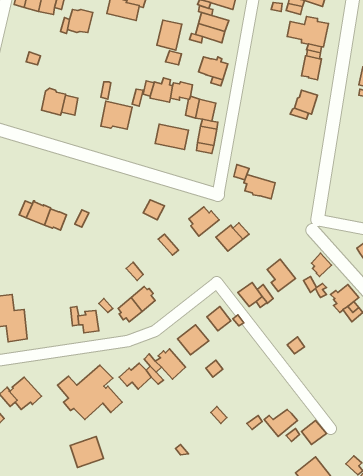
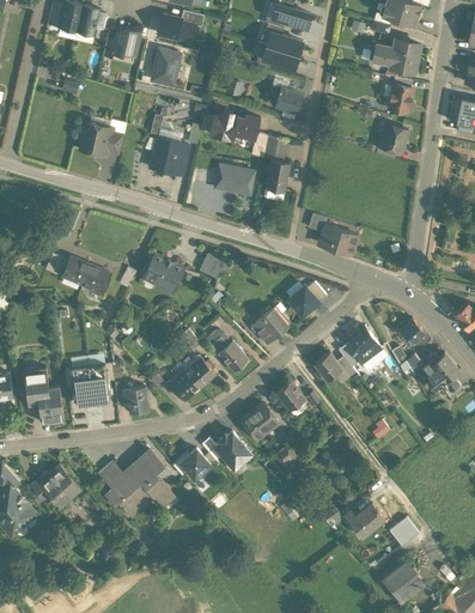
building: [157,20,182,50] -> [152,49,182,85]
building: none -> [144,255,183,286]
building: [189,207,219,236] -> [255,309,291,344]
building: none -> [211,336,248,371]
building: none -> [72,364,110,406]
building: [70,436,103,468] -> none

